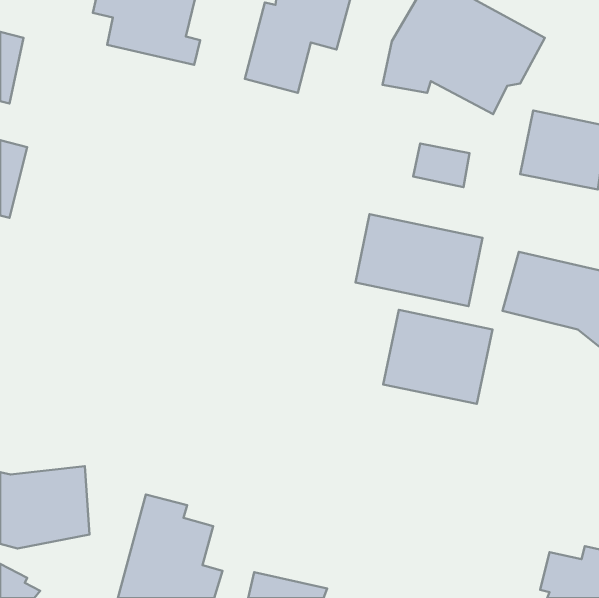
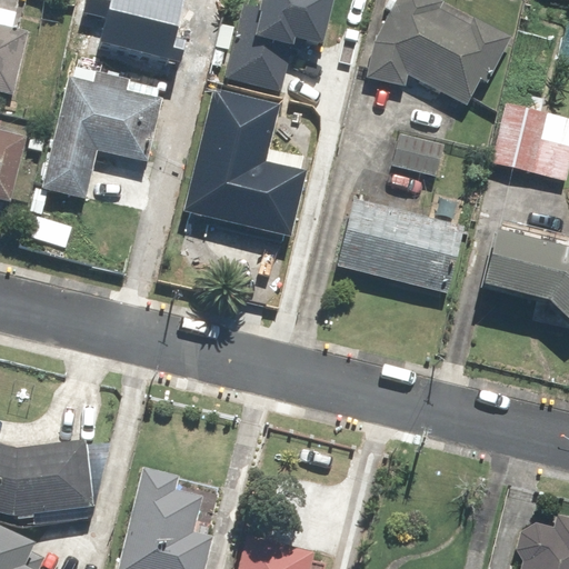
building: none -> [41,58,164,201]
building: none -> [183,91,305,240]
building: [383,310,492,404] -> none

